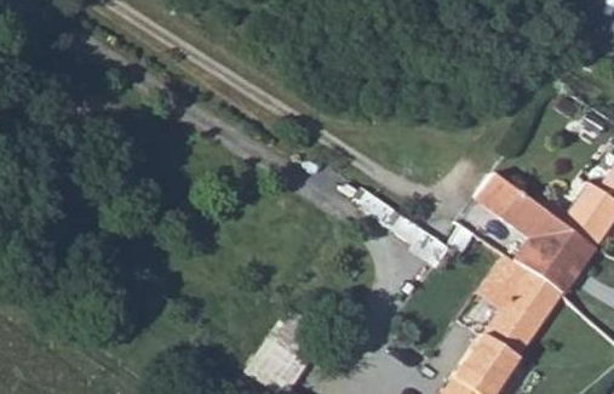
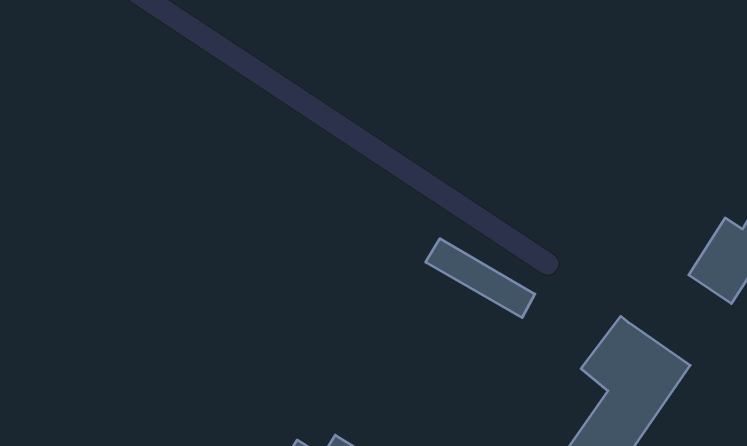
building: [478,171,595,292] -> none

